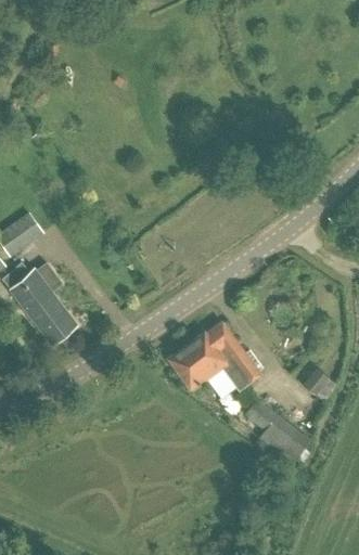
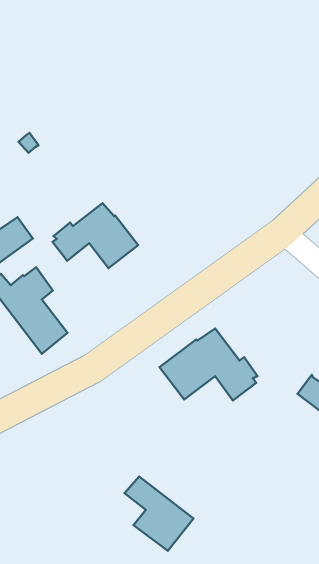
building: none -> [53,203,138,268]
building: [244,399,311,472] -> [125,476,193,551]

